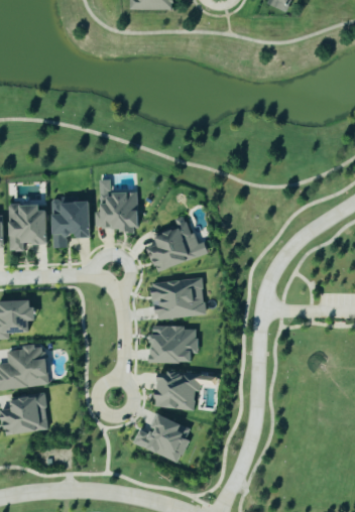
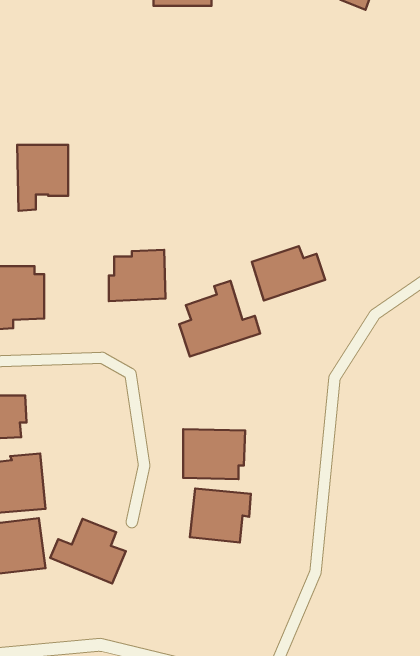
building: none -> [252,246,325,300]
building: [51,199,90,248] -> [17,145,68,211]
building: [151,277,205,319] -> none
building: [132,413,189,462] -> [50,519,126,584]

